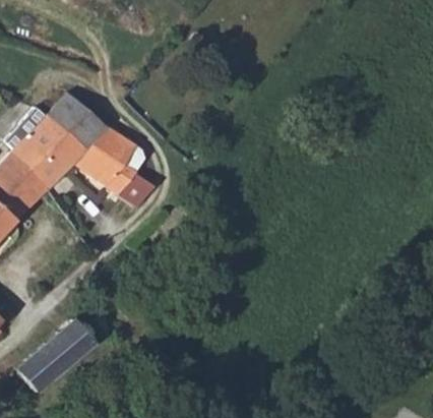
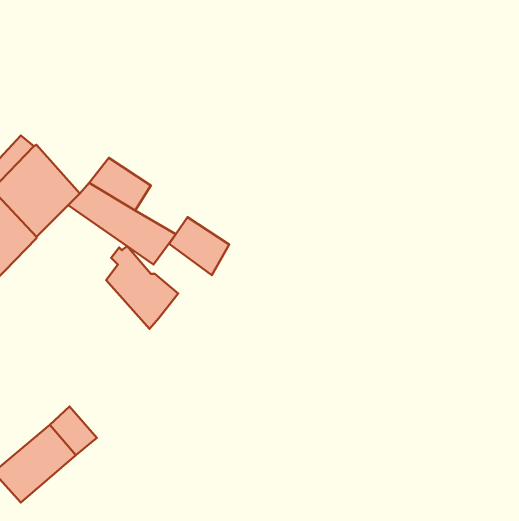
building: [50,89,106,154] -> [106,246,178,329]
building: none -> [169,217,229,275]

